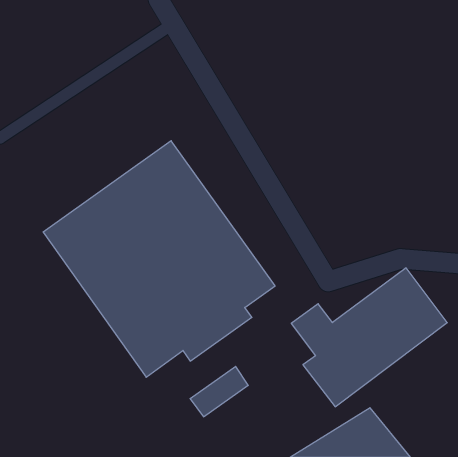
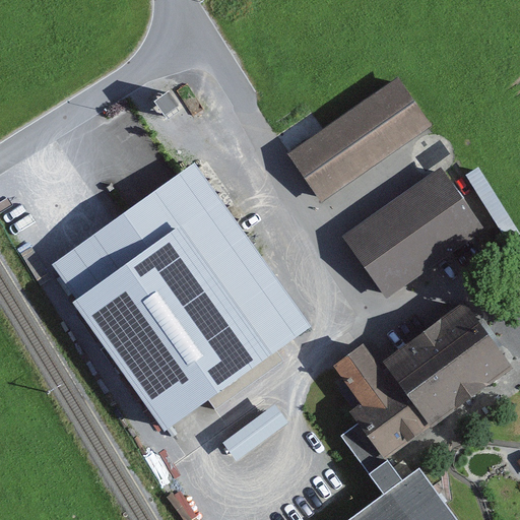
building: none -> [283,83,426,204]
building: none -> [338,174,478,303]

